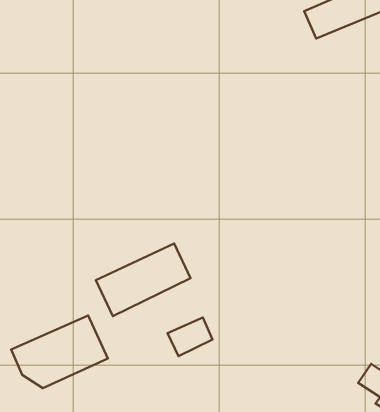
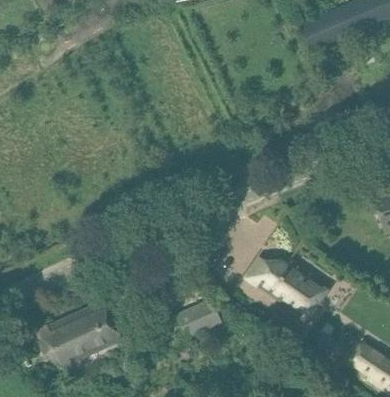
building: [96,243,191,316] -> none
building: none -> [246,255,328,319]

